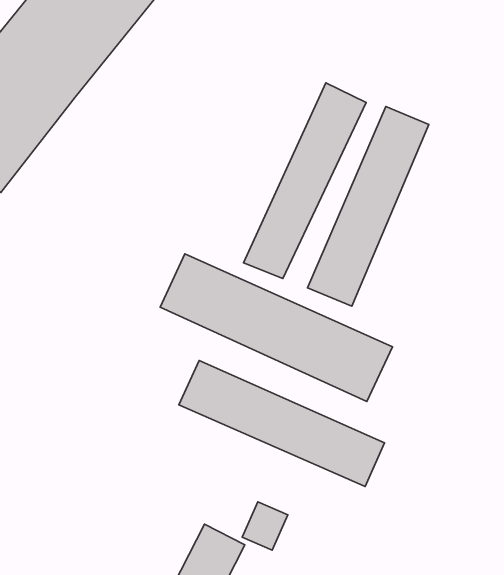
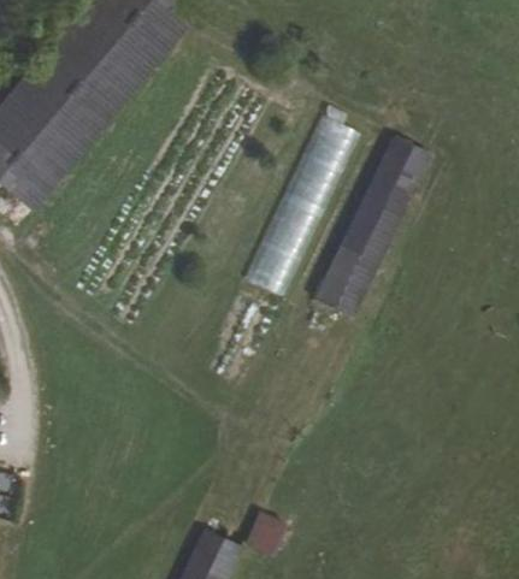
building: [160,254,392,402] -> none
building: [179,360,384,486] -> none

